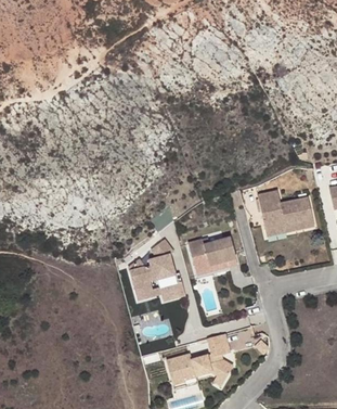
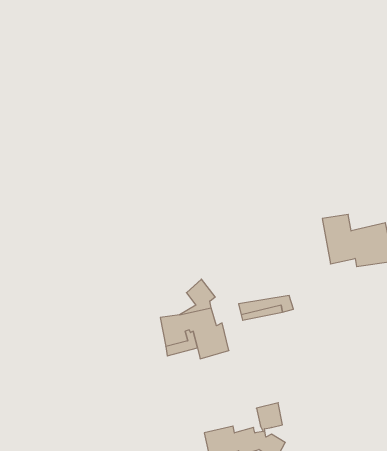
building: [189,237,232,259] -> none

